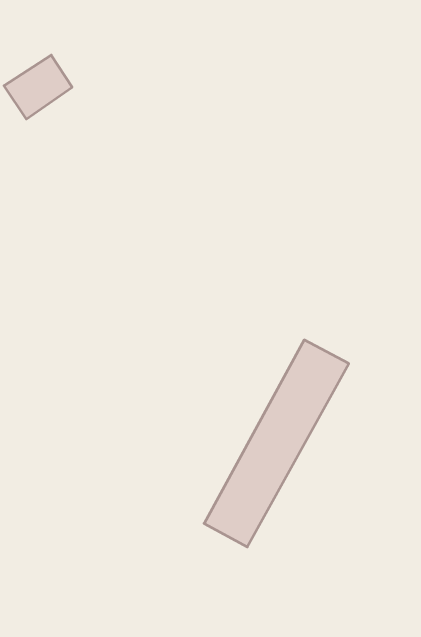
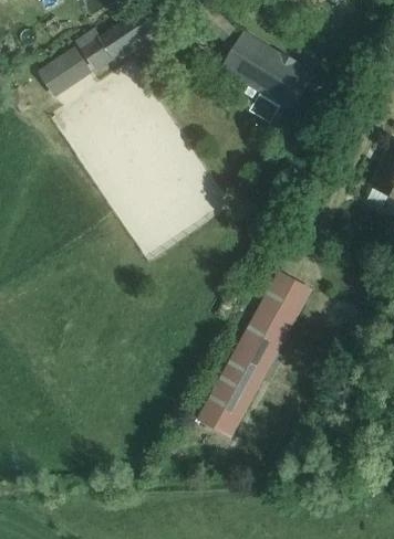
building: none -> [73,11,151,71]
building: none -> [222,33,311,108]

